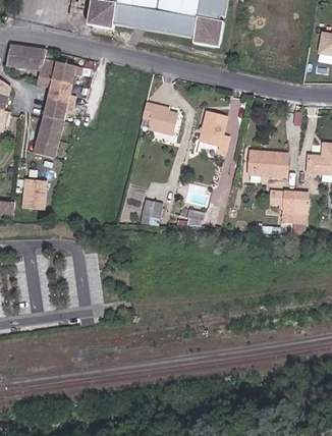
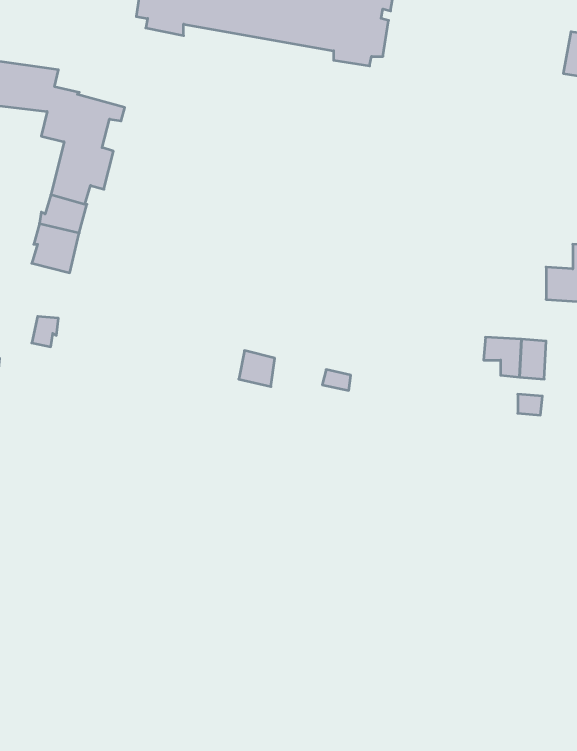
building: [143,102,178,135] -> none
building: [199,111,230,153] -> none
building: [248,152,289,177] -> none
building: [23,180,46,209] -> none

